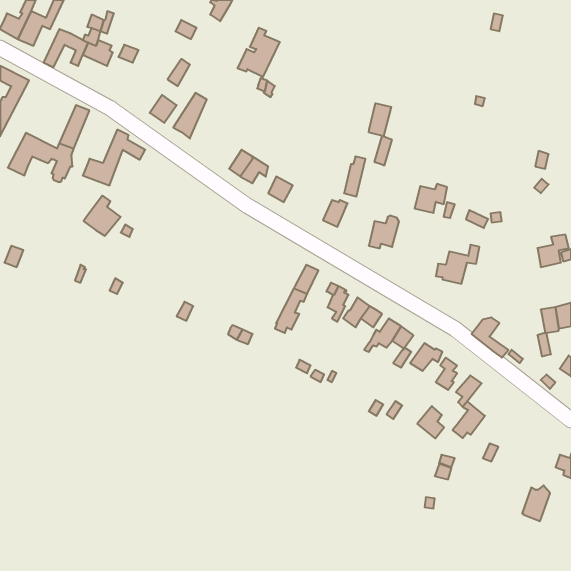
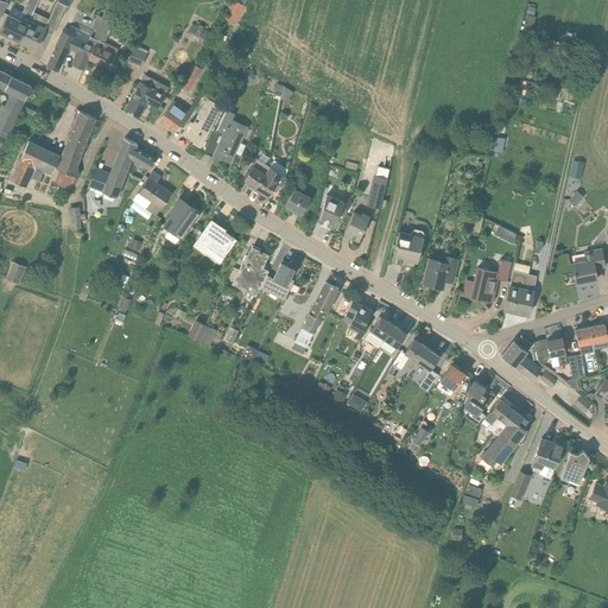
building: [237,28,280,77] -> [203,110,248,163]
building: none -> [126,75,169,116]
building: [369,103,392,166] -> none
building: none -> [319,195,350,227]
building: [415,184,447,213] -> [423,256,457,287]
building: none -> [164,198,200,239]
building: [84,196,121,236] -> [132,171,171,214]
building: none -> [195,221,235,254]
building: none -> [236,248,267,297]
building: none -> [268,262,294,300]
building: none -> [504,271,536,315]
building: none -> [533,336,578,391]
building: [417,406,444,438] -> [496,407,525,442]
building: none -> [531,442,563,479]
building: [522,485,550,521] -> [559,449,589,487]

